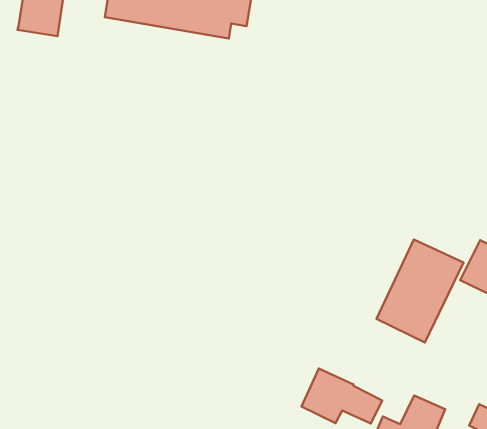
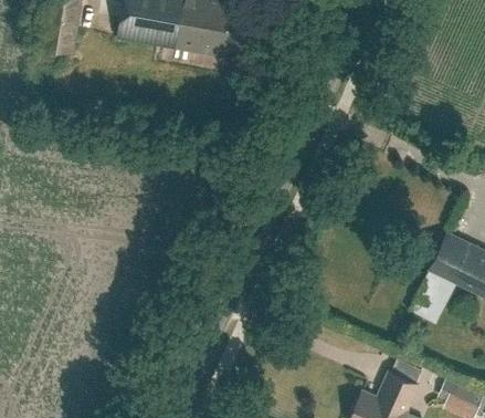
building: [376,239,463,343] -> none
building: [302,368,382,423] -> none

